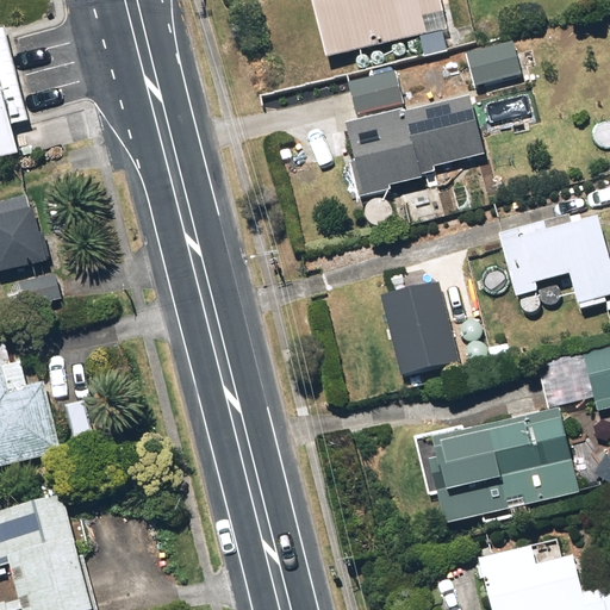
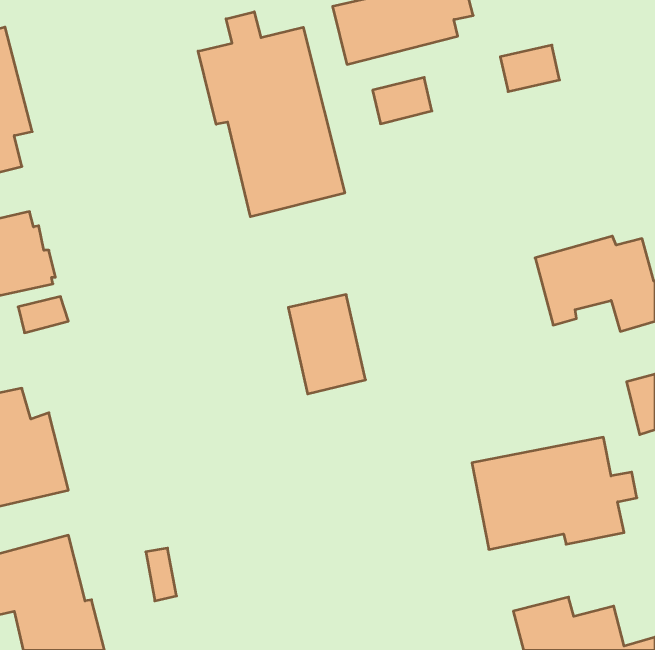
building: none -> [198,12,345,217]
building: [341,97,480,199] -> none
building: [385,273,456,365] -> [288,295,366,394]

